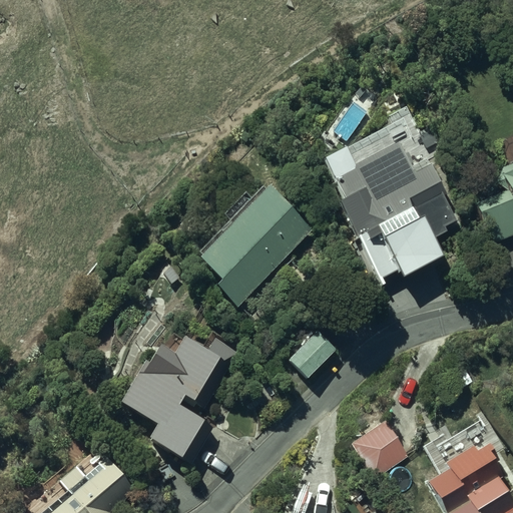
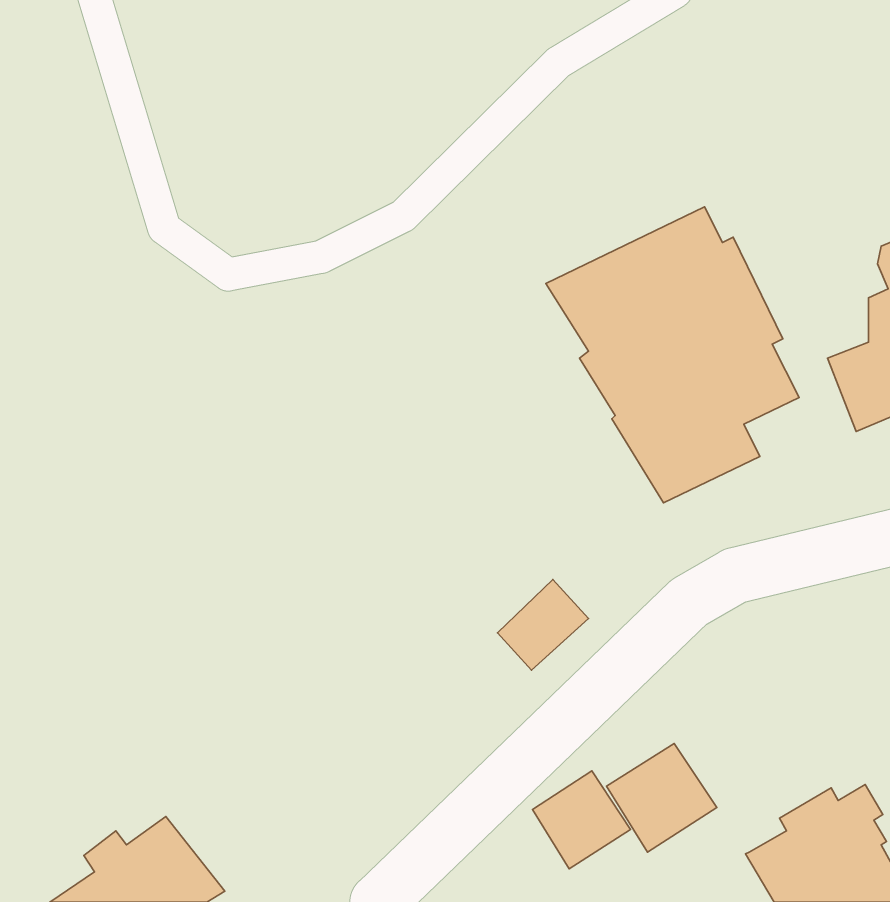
building: [188,186,318,306] -> none
building: [116,336,240,464] -> none
building: none -> [532,771,631,869]

